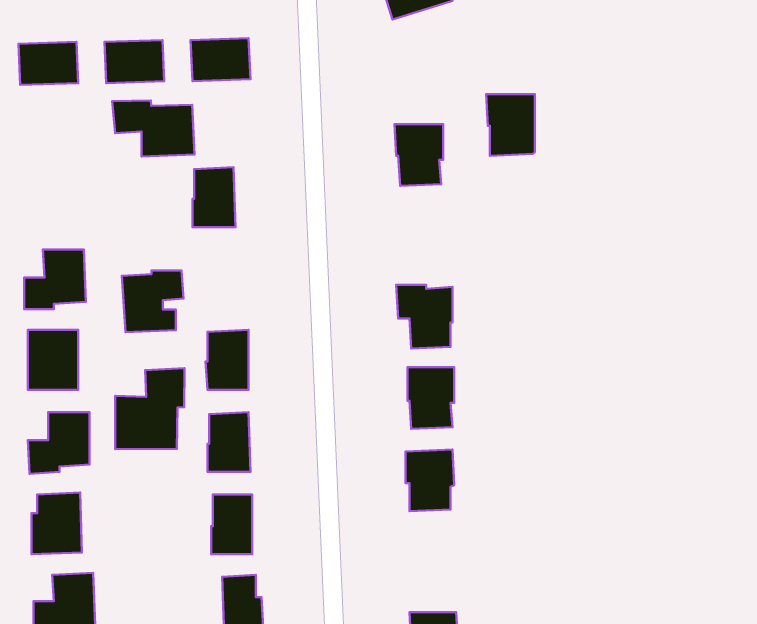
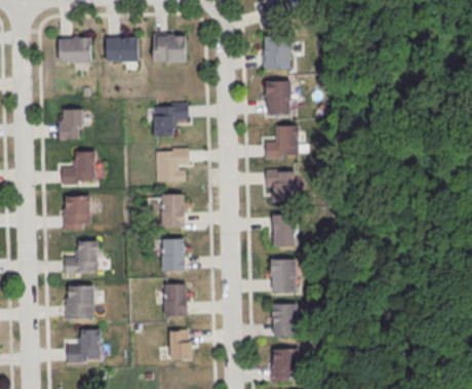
building: [486,94,535,156] -> [264,37,290,71]
building: [112,100,194,156] -> none
building: none -> [58,107,82,137]
building: none -> [265,123,300,156]
building: [122,270,183,332] -> [155,148,189,182]
building: [115,368,185,449] -> none
building: none -> [272,305,298,339]

